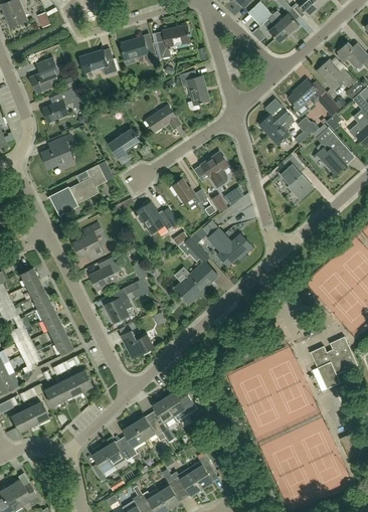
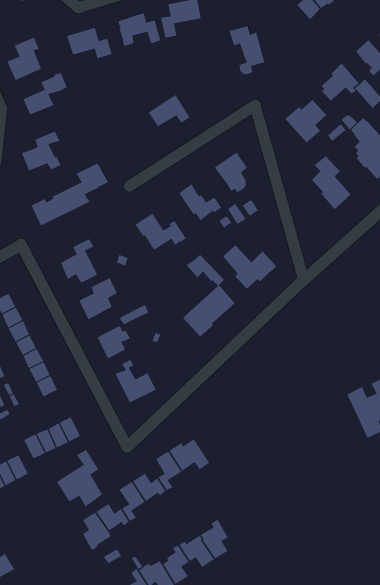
building: [179,70,209,111] -> [229,26,265,75]
building: [108,129,139,163] -> none
building: none -> [56,449,103,508]

